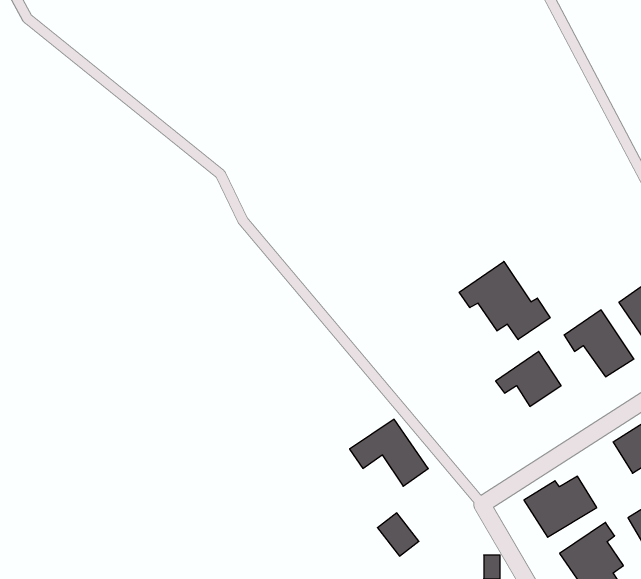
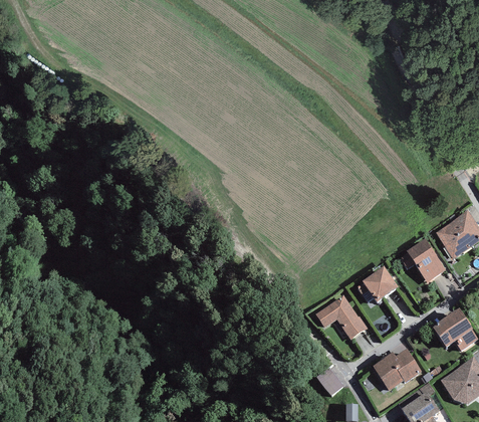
building: [459,261,550,340] -> none
building: [350,419,428,486] -> [313,294,367,340]
building: [377,513,419,556] -> [316,367,344,396]

